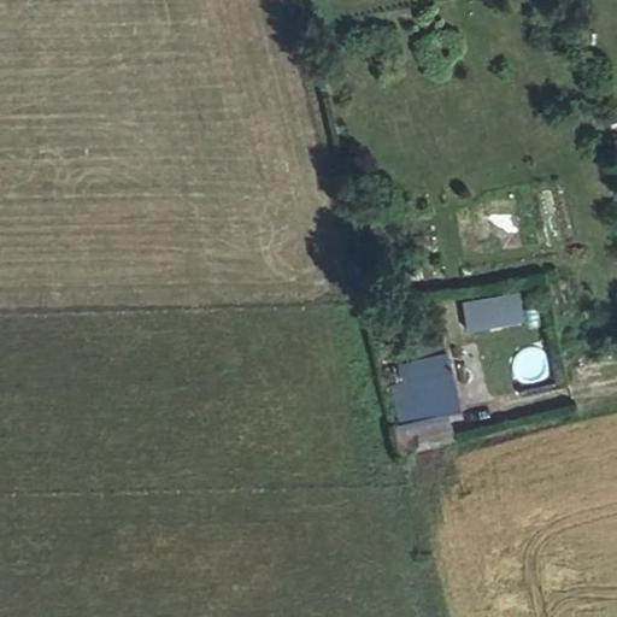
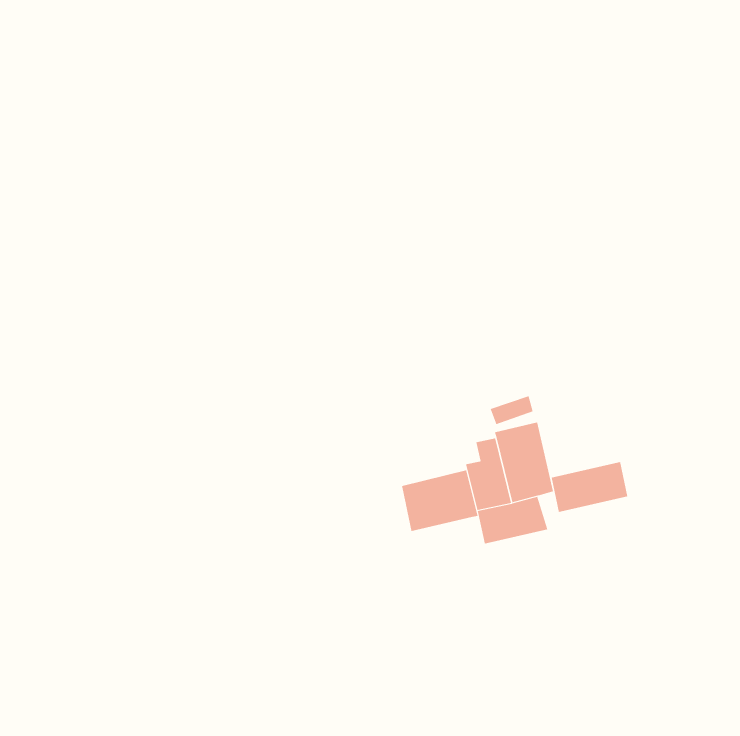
building: [460,289,524,331] -> [551,461,628,512]
building: none -> [402,469,478,532]

